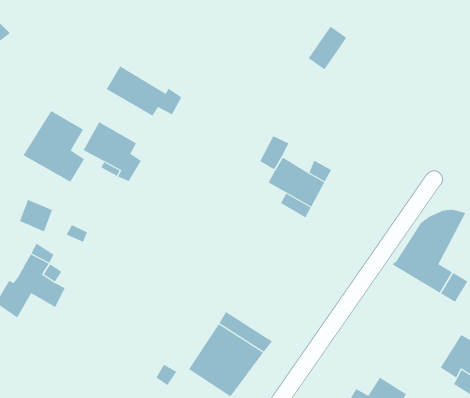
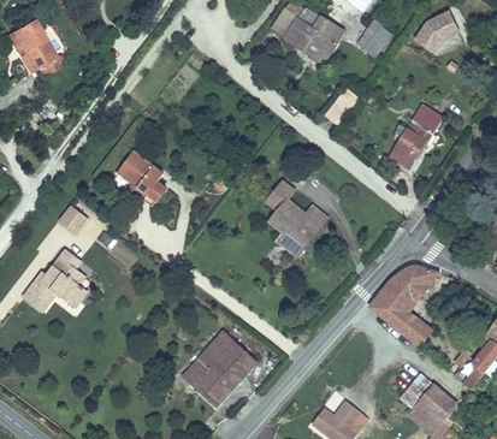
building: none -> [386,97,443,162]
building: [106,66,182,116] -> none
building: [23,110,85,183] -> none

